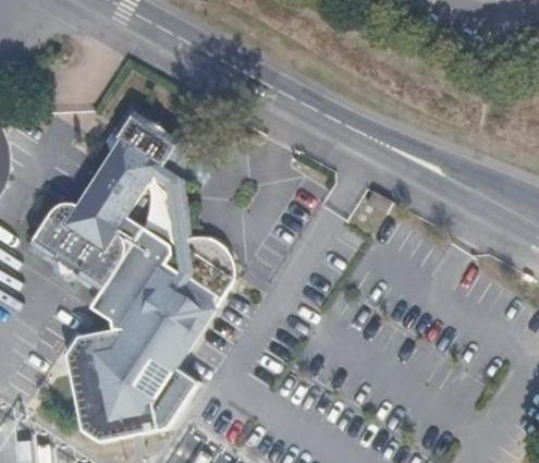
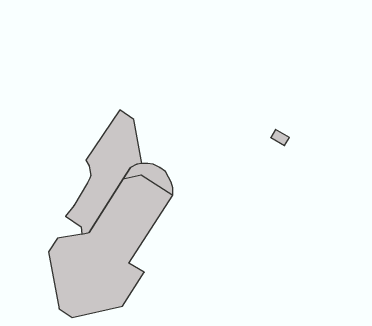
building: [28,113,175,291] -> none

